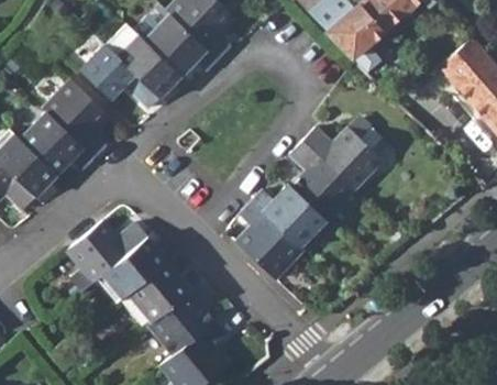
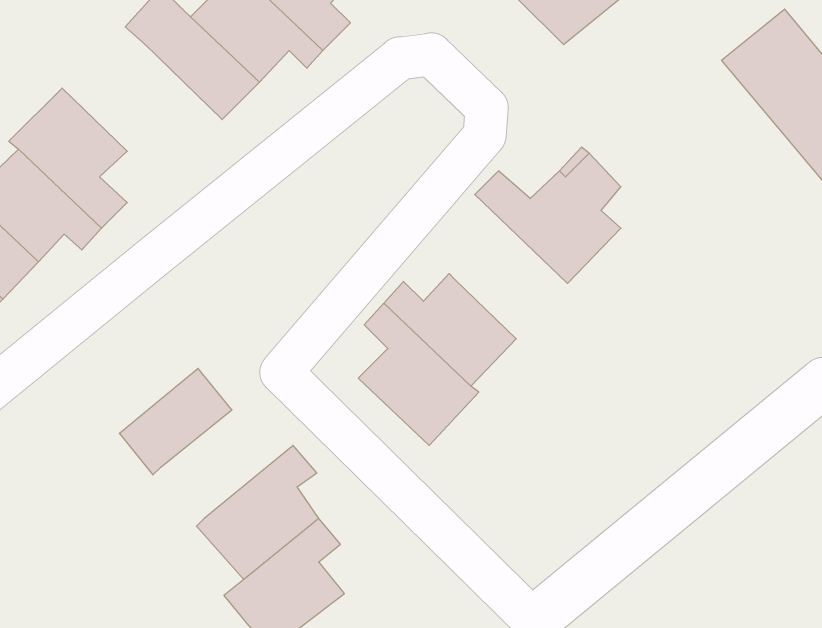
building: [82,46,161,108] -> none
building: [289,140,353,220] -> none
building: [68,220,147,289] -> none
building: [126,260,200,320] -> none

